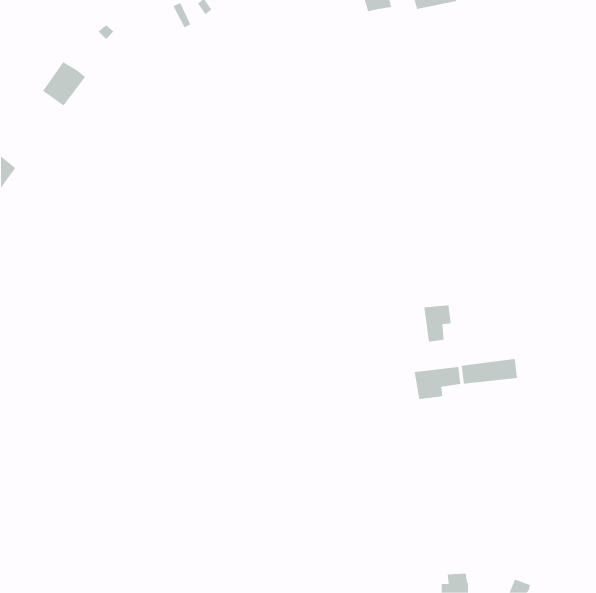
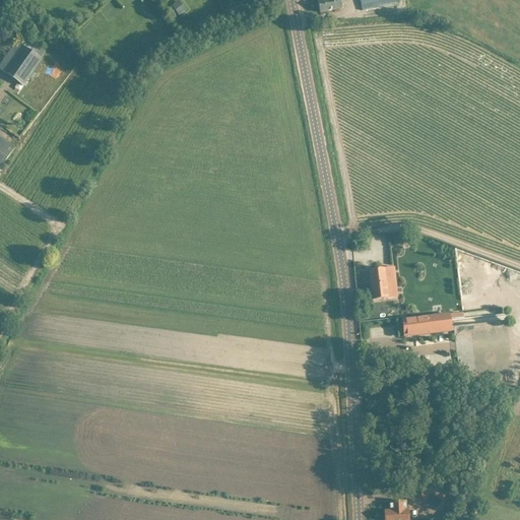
building: [42,62,86,106] -> [4,45,43,83]
building: [414,366,461,400] -> none

